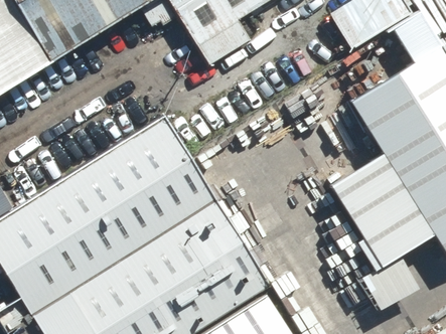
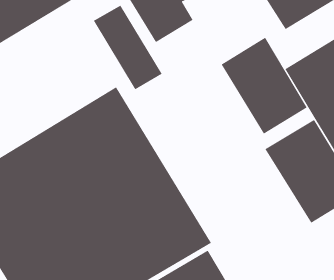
building: none -> [93,5,163,90]
building: none -> [221,37,307,134]

